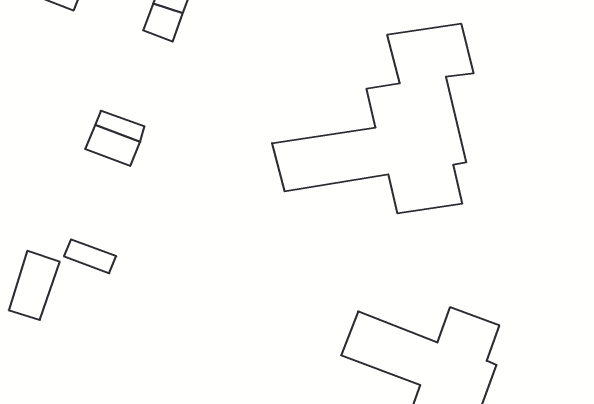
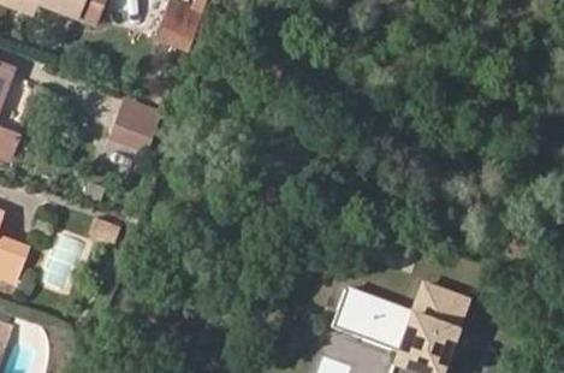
building: [272,24,473,213] -> none

